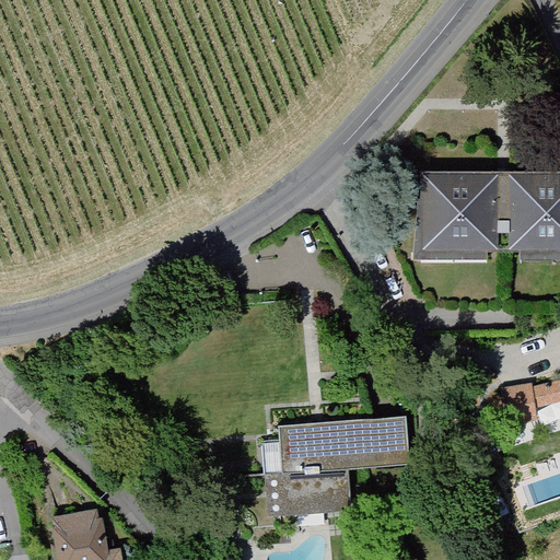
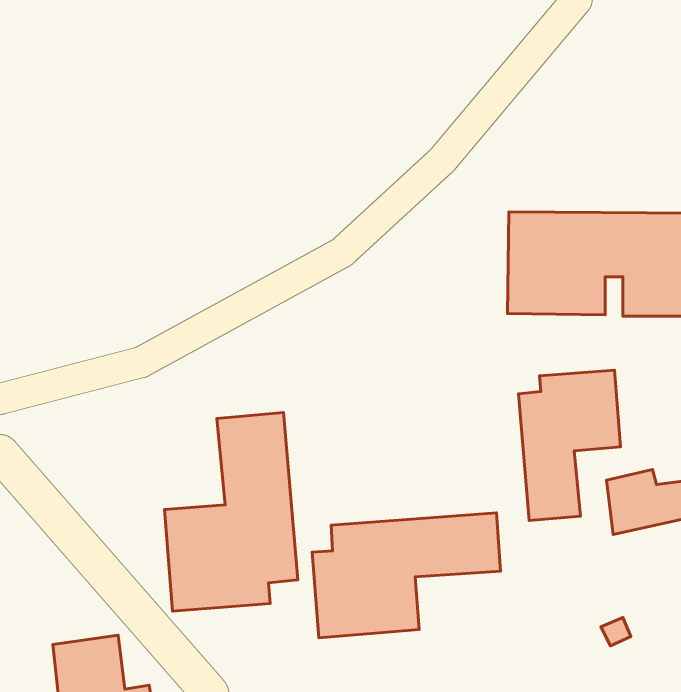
building: none -> [518,370,621,521]
building: none -> [165,413,298,611]

